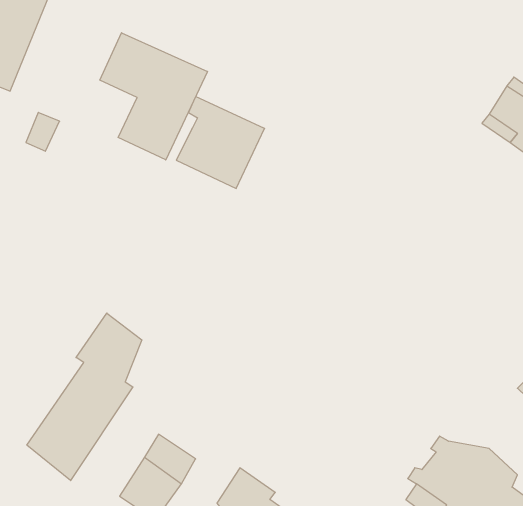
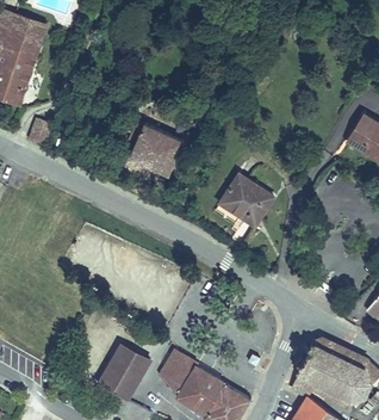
building: [100,33,207,160] -> none
building: none -> [223,167,277,218]
building: [27,313,142,481] -> none

